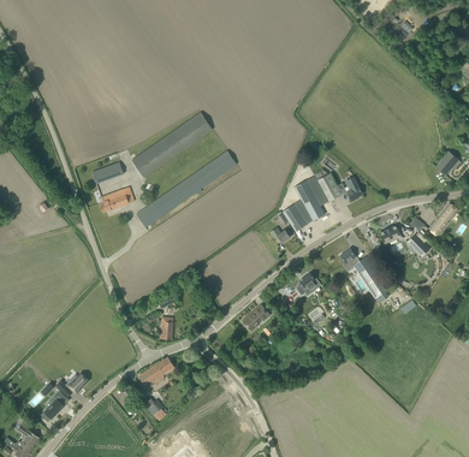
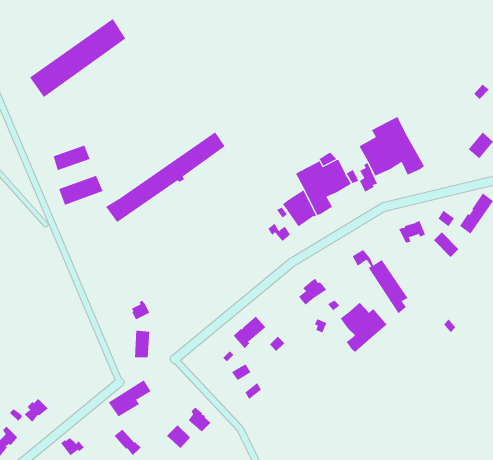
building: [131,112,212,178] -> [29,18,126,98]
building: none -> [359,116,425,177]
building: none -> [340,302,387,353]

